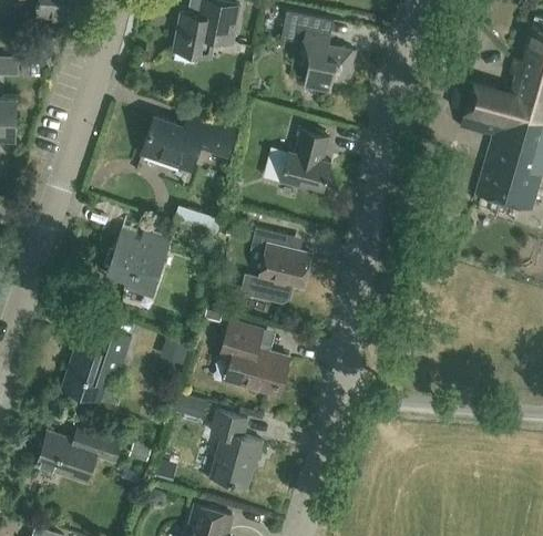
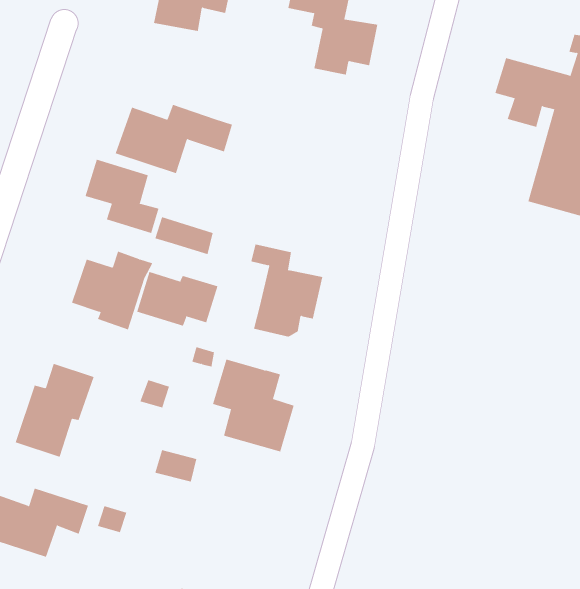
building: [279,128,331,190] -> none
building: none -> [85,159,159,234]
building: none -> [136,271,218,327]
building: [207,412,260,488] -> none

